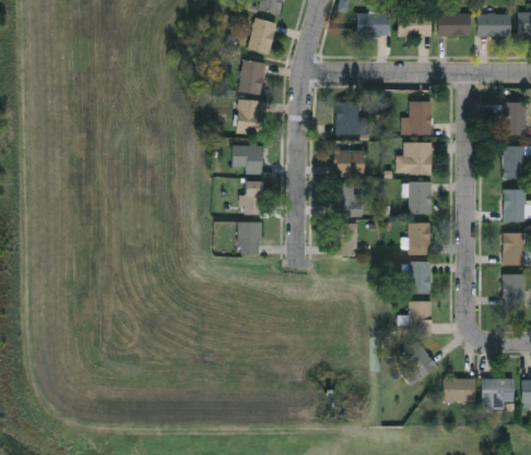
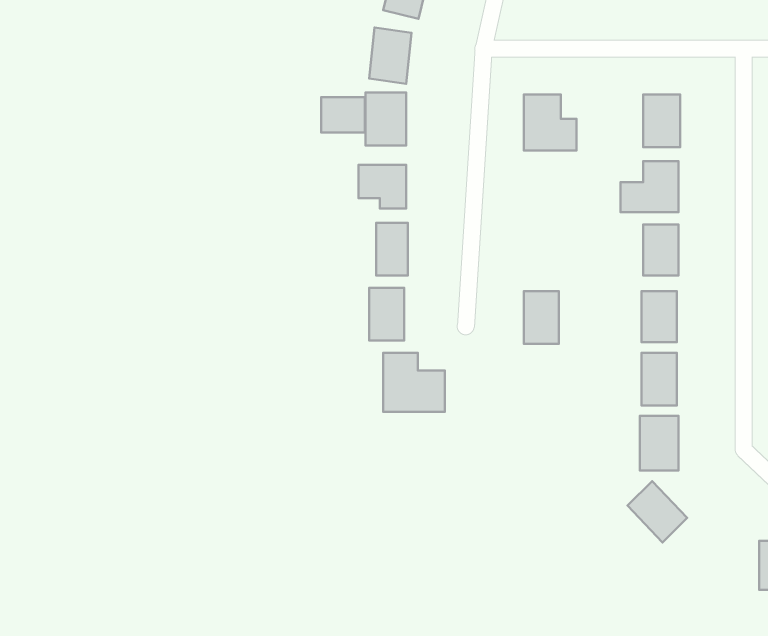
building: none -> [321,97,365,133]
building: [333,149,363,177] -> none
building: [334,183,361,217] -> none
building: none -> [383,353,445,412]
building: [441,379,474,402] -> none

